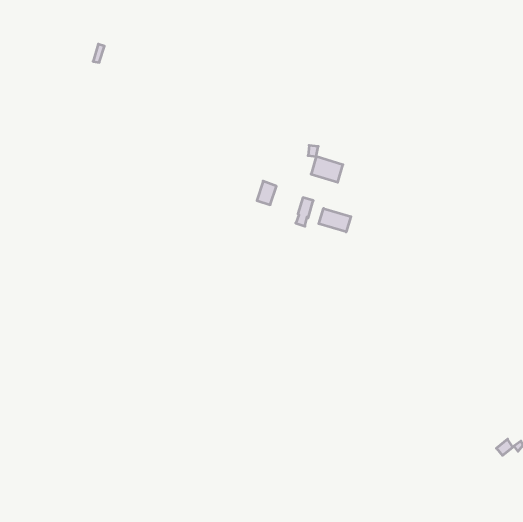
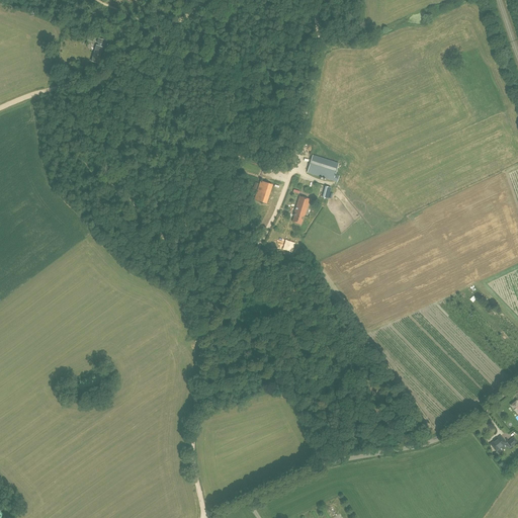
building: [319,208,351,232] -> none

